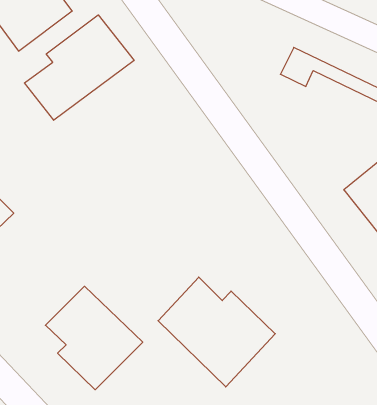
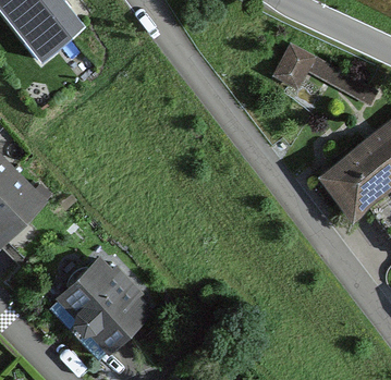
building: [24,15,134,120] -> none
building: [158,277,275,387] -> none

